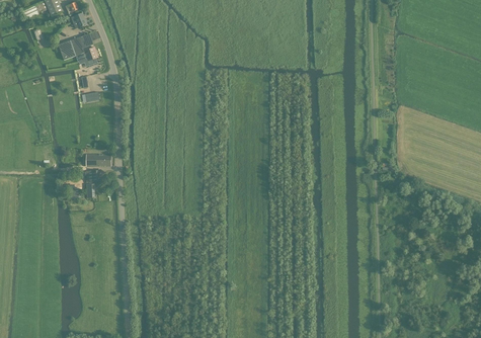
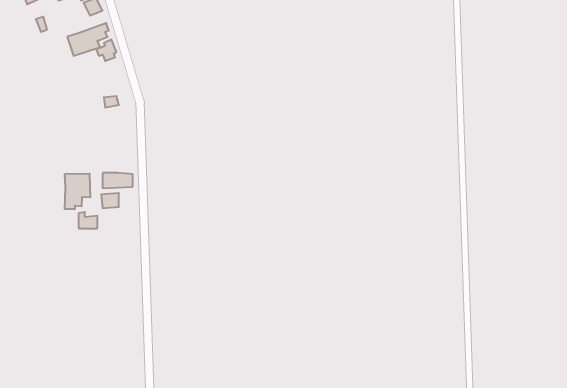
building: none -> [65,174,90,209]

